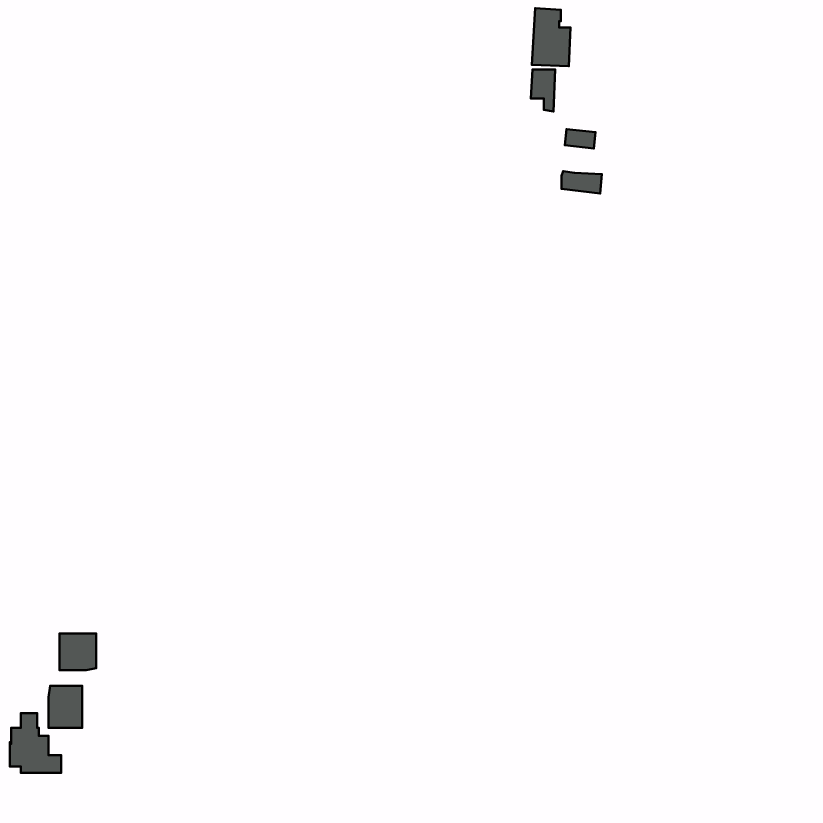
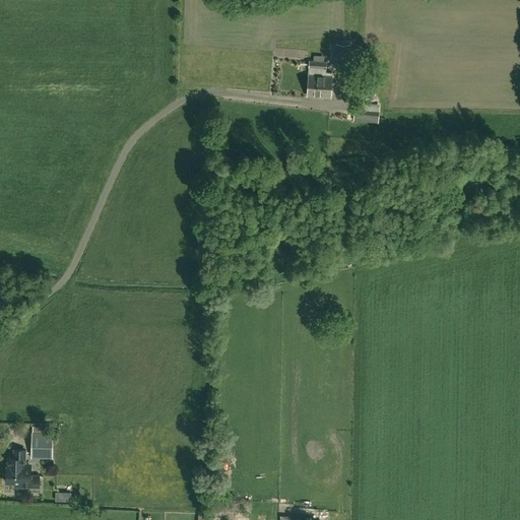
building: [532,8,571,66] -> [307,61,331,98]
building: [59,634,96,670] -> none

